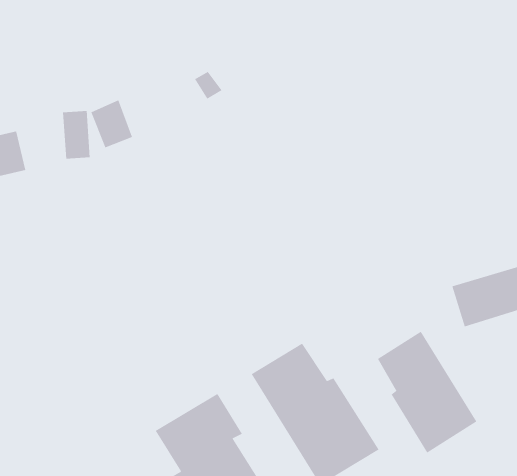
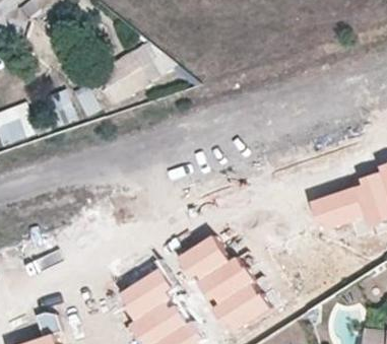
building: [377,331,477,454] -> none

